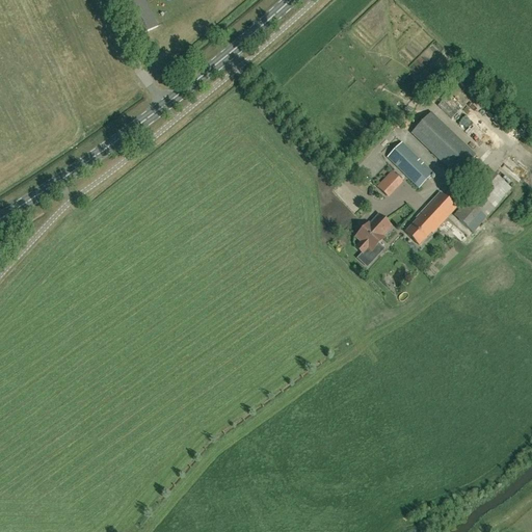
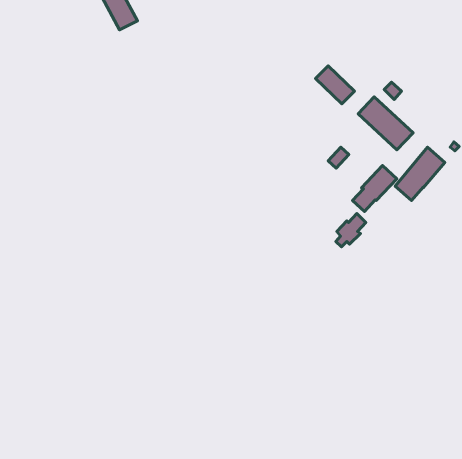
building: [388,141,432,185] -> [316,66,355,104]
building: [355,213,390,251] -> [336,214,366,247]

